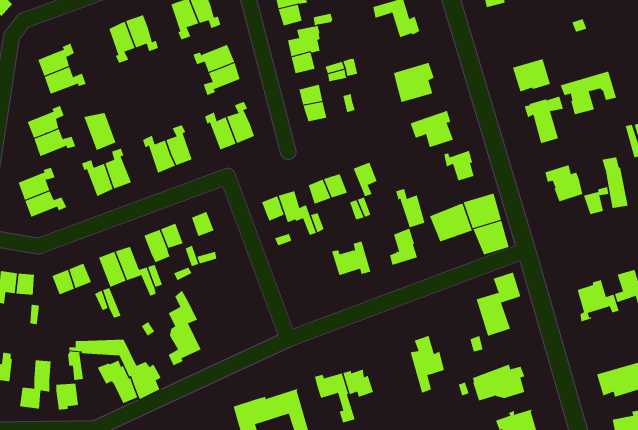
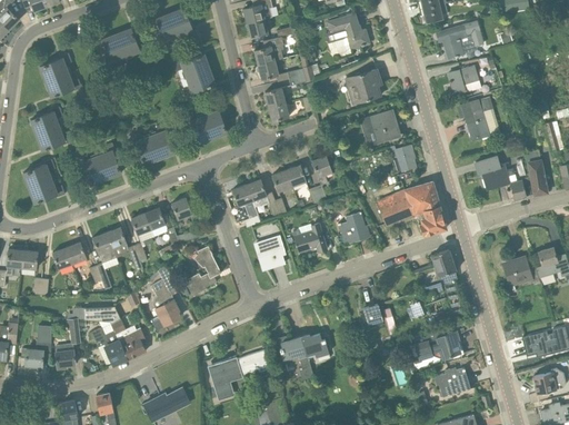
building: [560,71,617,115] -> [436,20,485,58]
building: [83,112,116,151] -> none
building: [396,188,425,228] -> none
building: none -> [256,236,283,268]
building: none -> [182,245,220,297]

